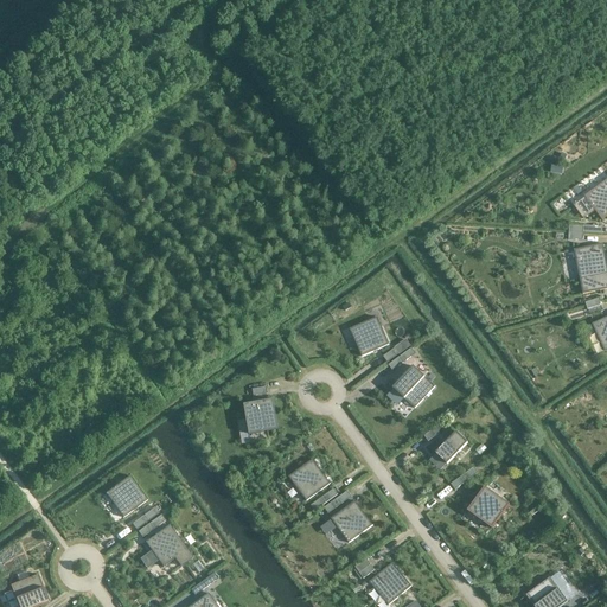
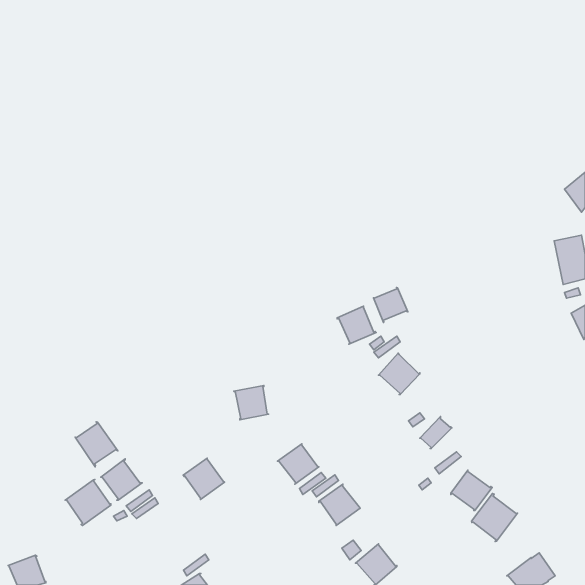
building: none -> [373,287,408,323]
building: none -> [75,422,118,467]
building: none -> [65,480,111,526]
building: none -> [472,493,517,541]
building: [143,524,186,567] -> [183,458,224,499]

